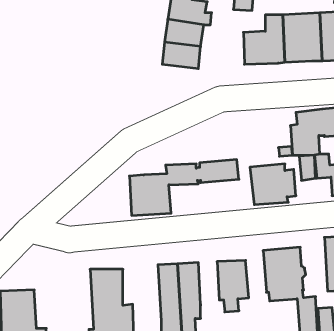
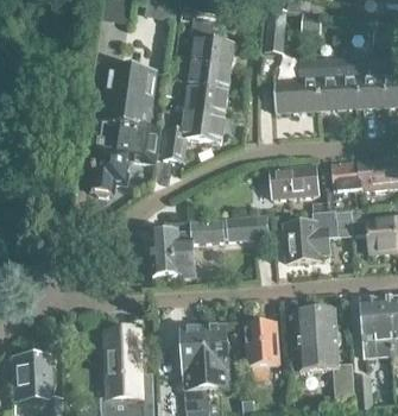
building: none -> [89,63,157,195]
building: none -> [160,111,230,160]
building: none -> [267,163,316,197]

